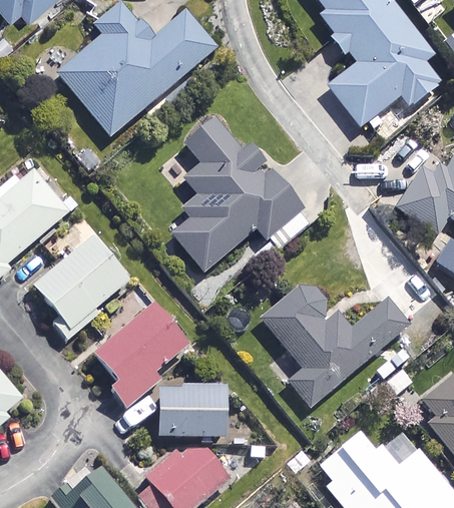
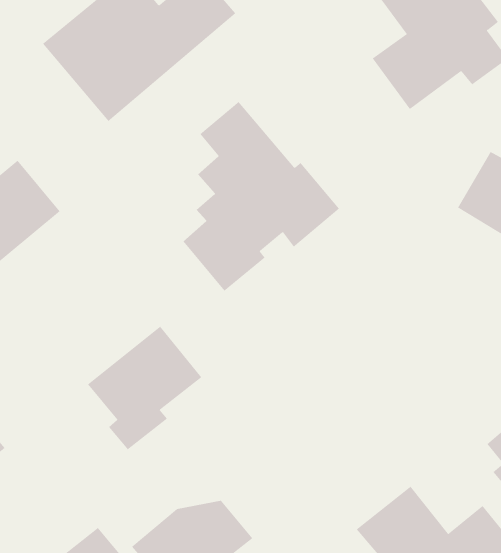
building: [34,234,130,337] -> none
building: [262,279,410,407] -> none
building: [158,382,230,435] -> none

